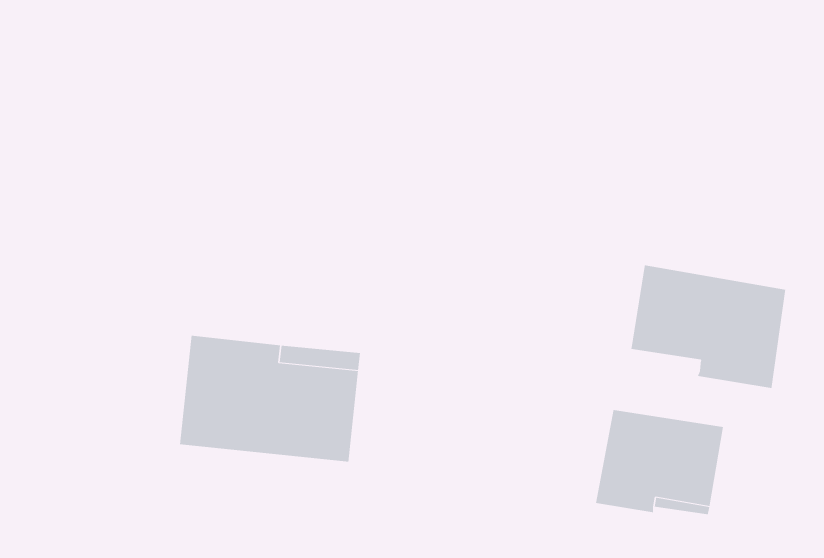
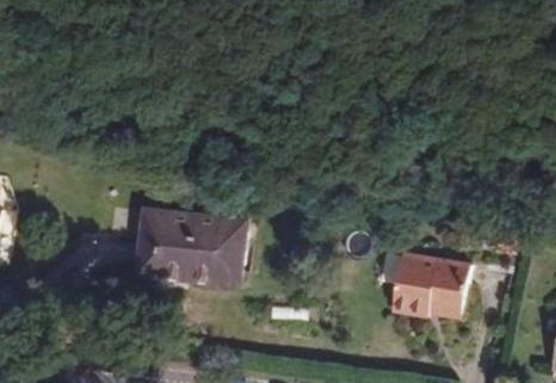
building: [631,265,786,389] -> none

